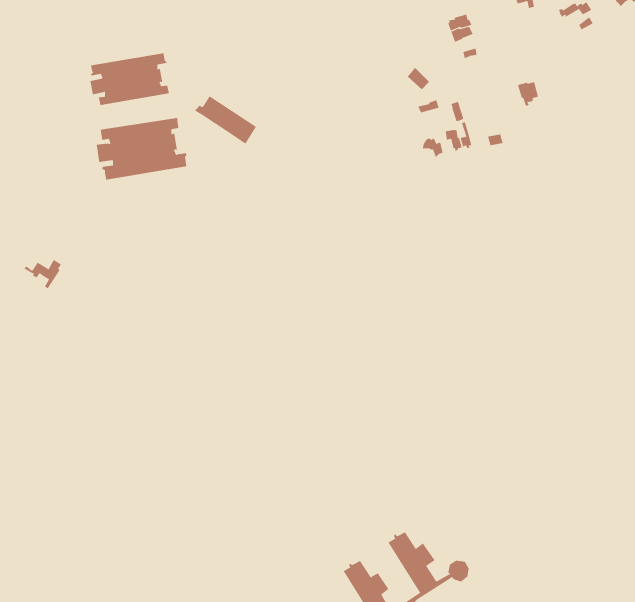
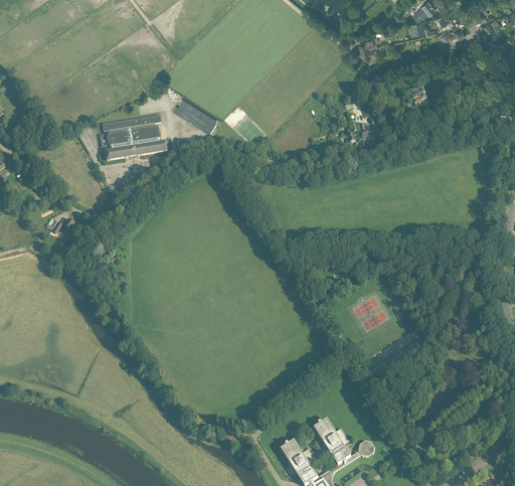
building: [90,53,169,106] -> none

